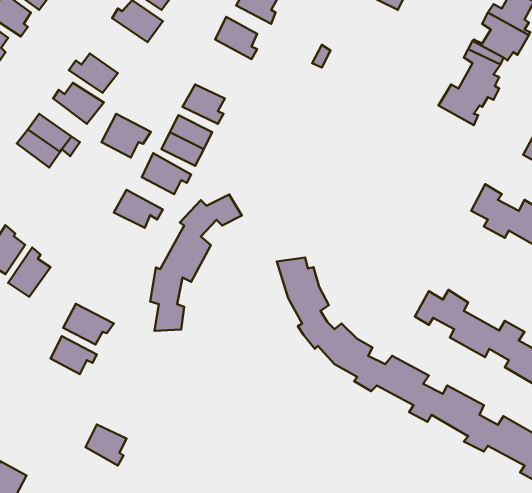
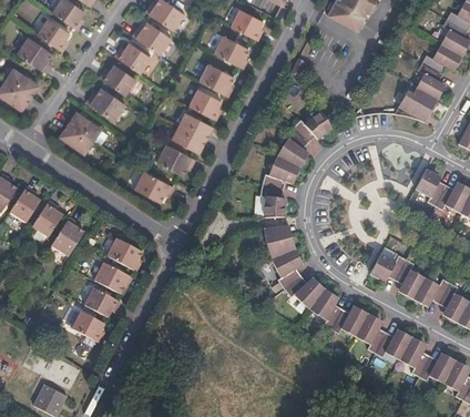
building: none -> [115,43,152,74]
building: none -> [198,63,234,96]
building: [101,114,151,157] -> none
building: [150,194,242,331] -> [260,111,333,218]
building: none -> [108,238,142,272]
building: [86,425,126,465] -> [72,312,104,344]

